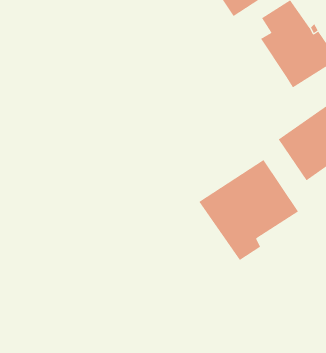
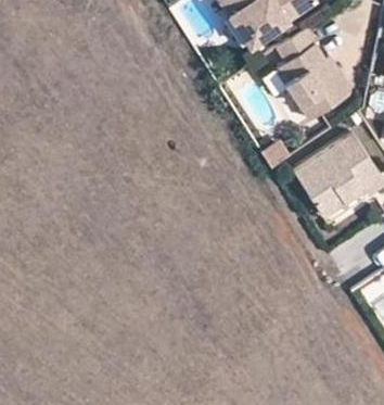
building: [199,159,299,261] -> none

